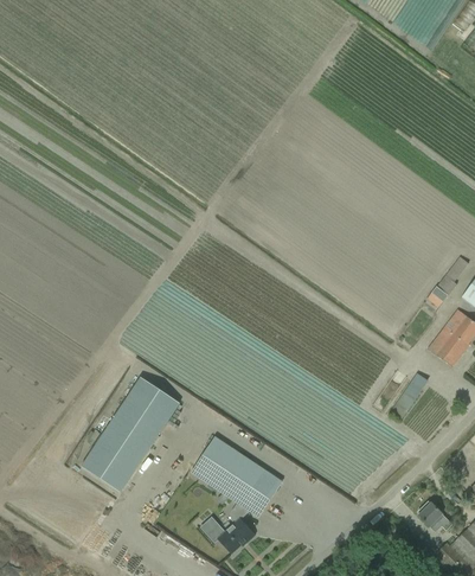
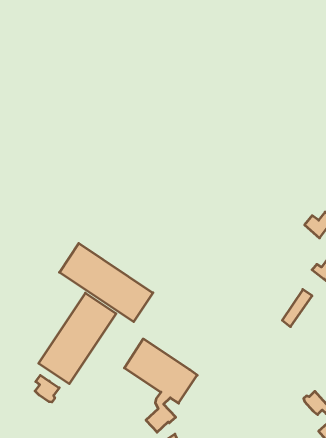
building: none -> [59,243,153,322]
building: none -> [35,375,59,402]

